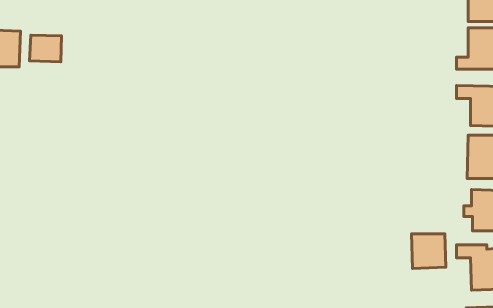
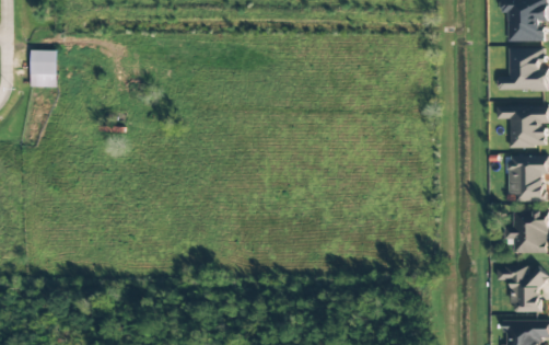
building: [29,35,61,62] -> none
building: [411,234,446,268] -> none

